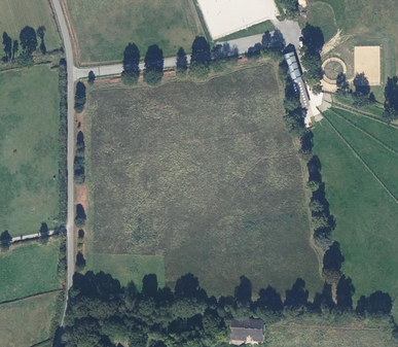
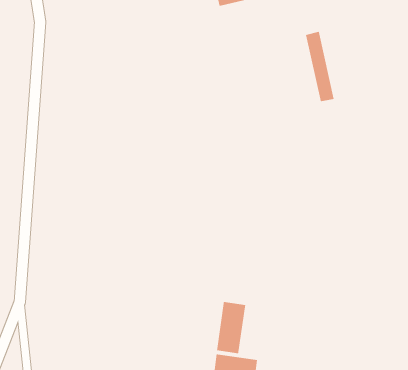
building: none -> [216,301,246,354]

